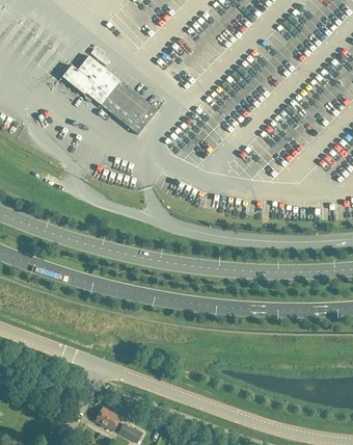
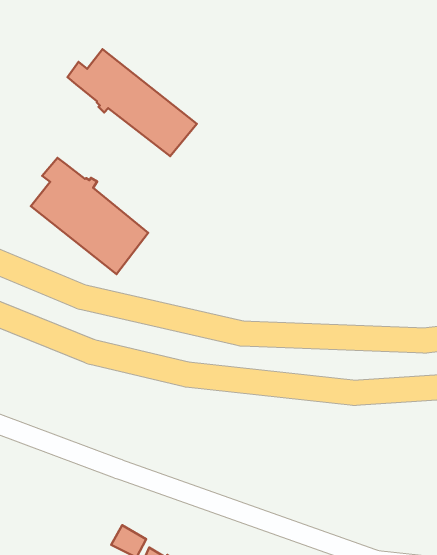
building: none -> [31,158,148,274]

